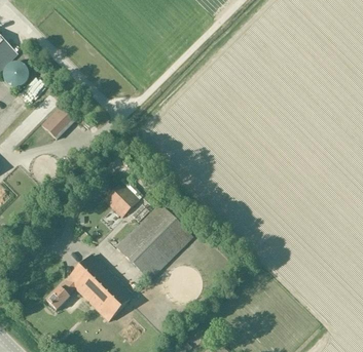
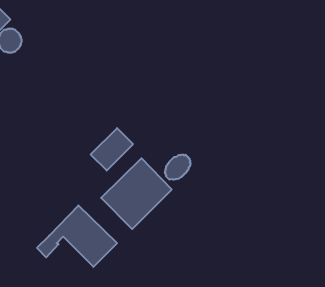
building: [41,107,73,139] -> none
building: none -> [165,154,191,180]

